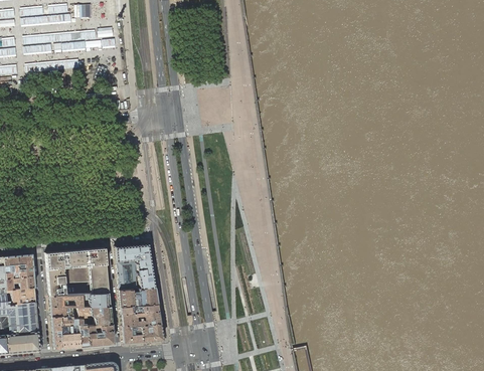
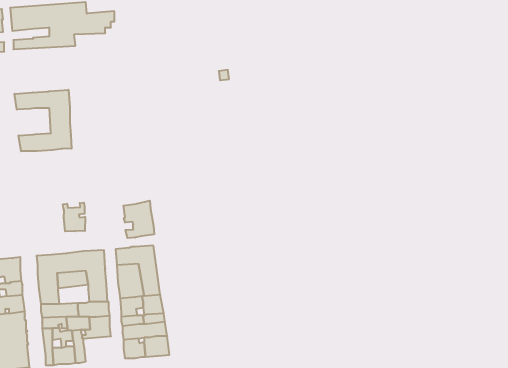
building: none -> [15,90,72,151]
building: none -> [123,201,154,238]
building: none -> [63,203,85,231]
building: [87,323,113,345] -> none

